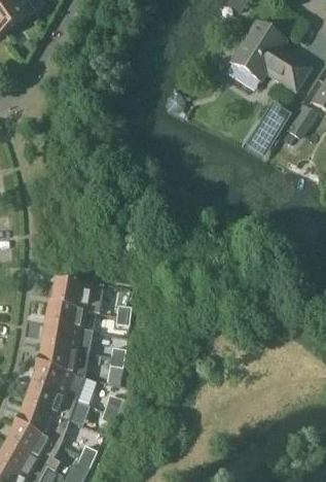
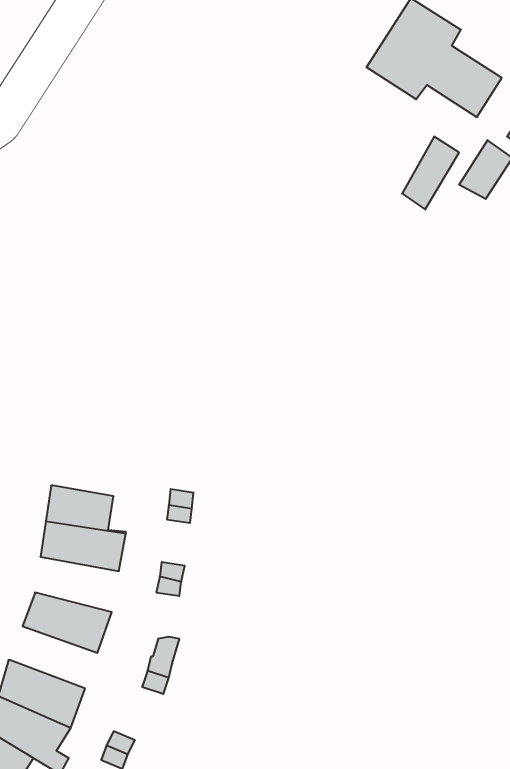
building: [50,281,103,311] -> none
building: [40,344,88,376] -> none
building: [26,384,76,420] -> none

